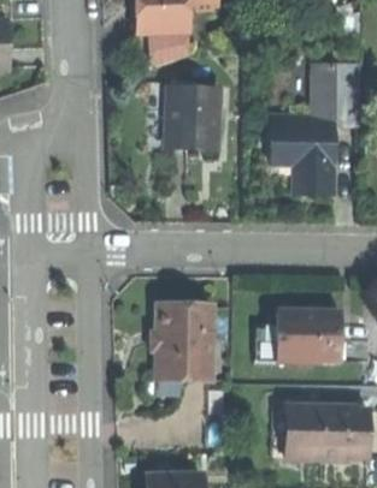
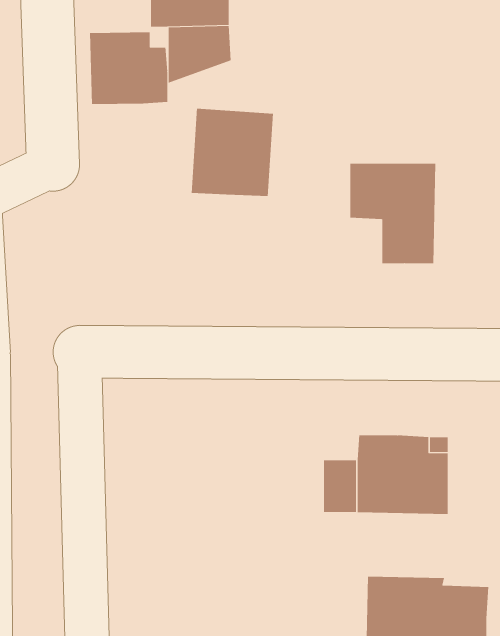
building: none -> [89,32,168,105]
building: [293,63,361,125] -> none
building: [158,304,211,377] -> none

